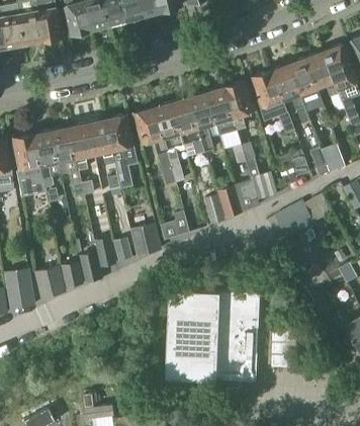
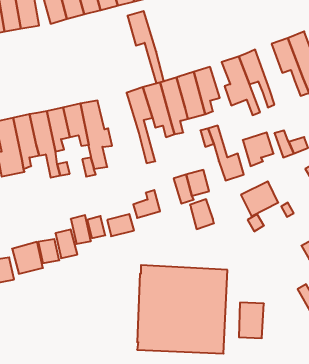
building: [289,57,318,105] -> none
building: [137,108,175,184] -> [127,11,164,83]
building: [234,180,259,211] -> [190,199,214,229]

